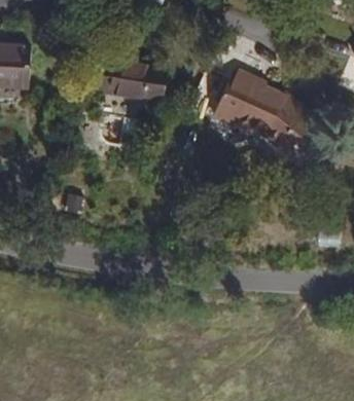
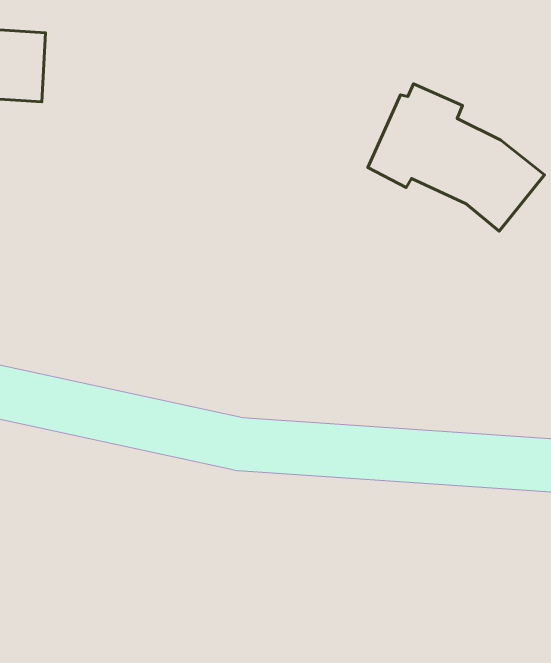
building: [98,60,168,103] -> none

